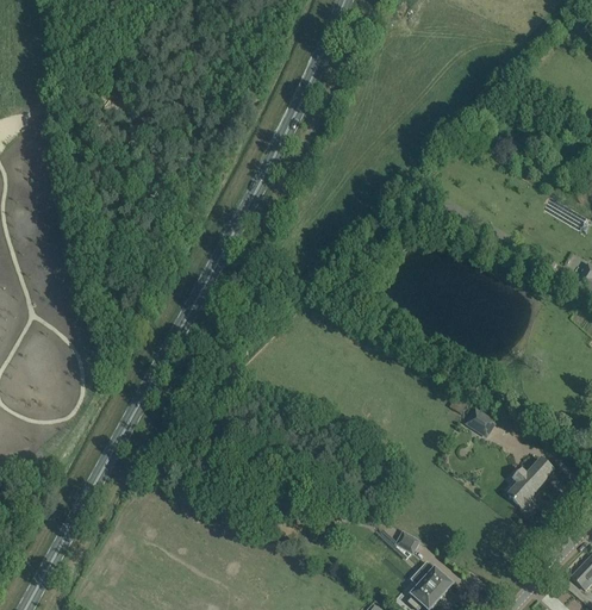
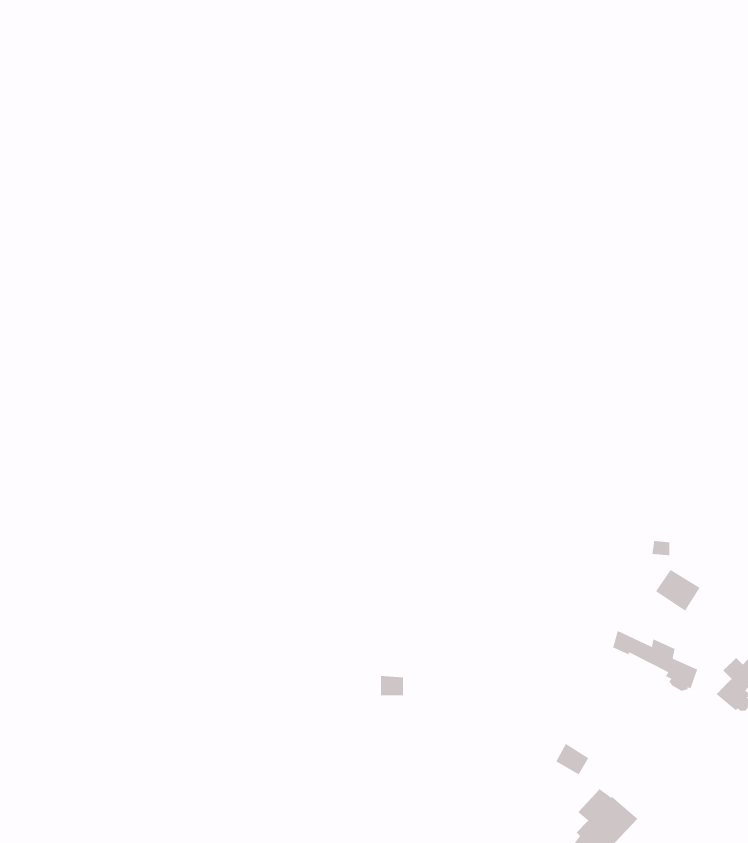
building: none -> [613,630,698,691]

